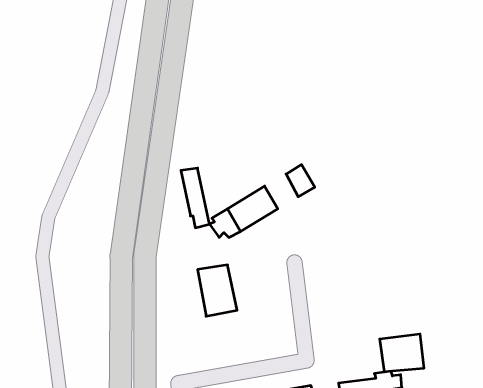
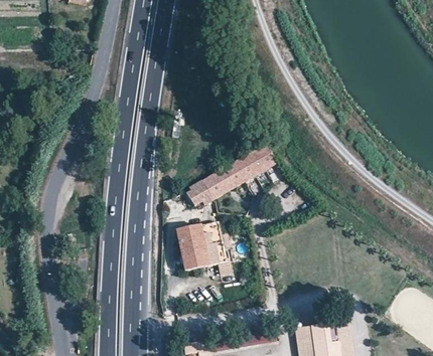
building: [181,168,210,228] -> [201,225,226,276]
building: none -> [233,151,261,180]
building: [380,334,424,372] -> none

